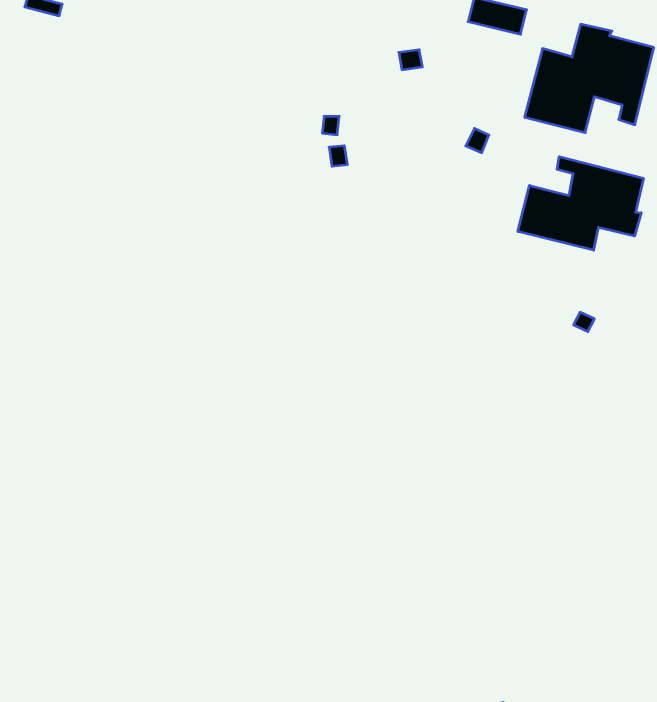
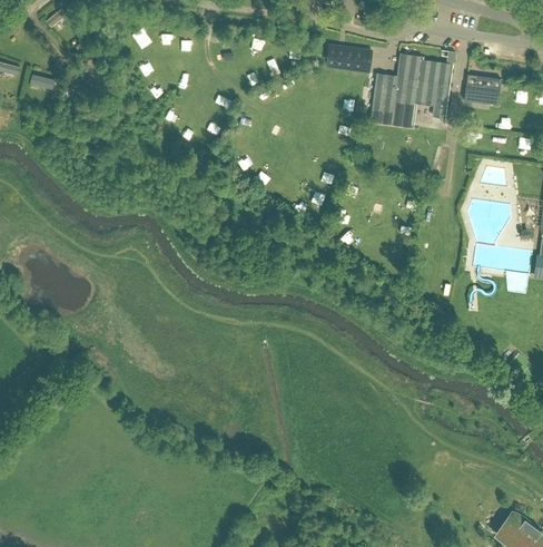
building: [518,157,643,250] -> none

